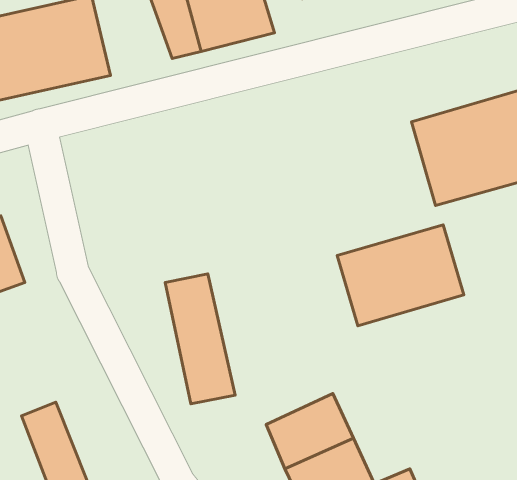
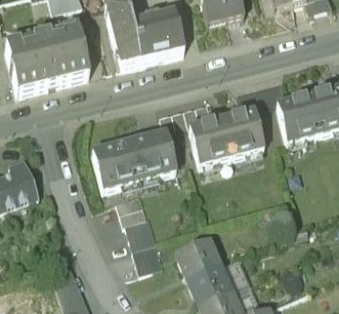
building: none -> [92,126,178,195]
building: [337,225,464,326] -> [188,107,264,167]
building: none -> [172,235,224,279]

